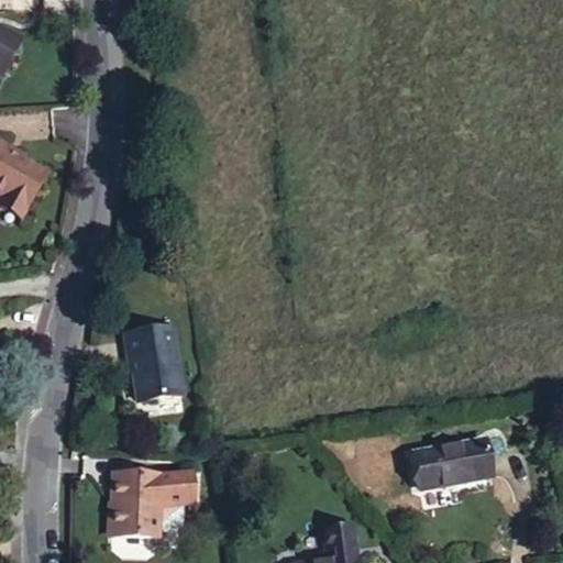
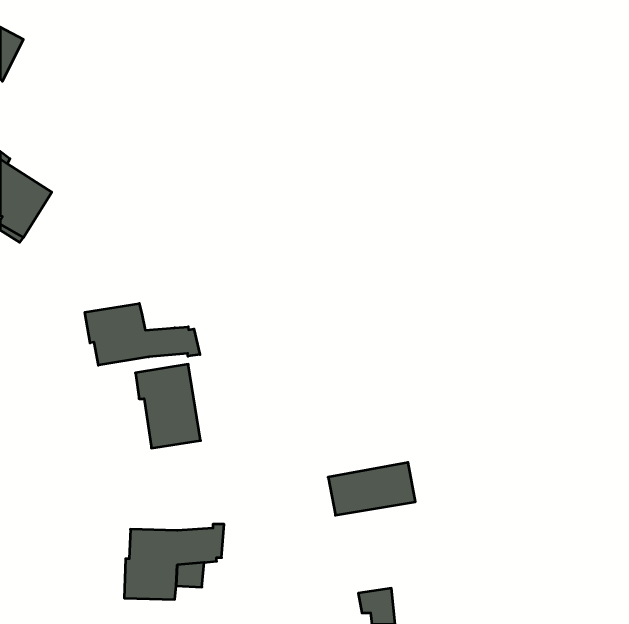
building: none -> [85,303,200,365]
building: [411,439,489,486] -> [328,462,415,515]

